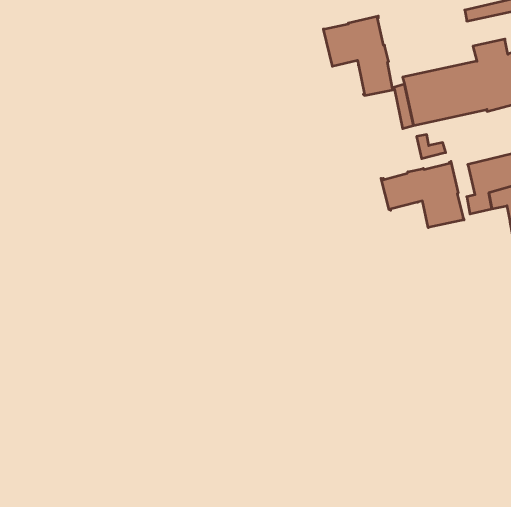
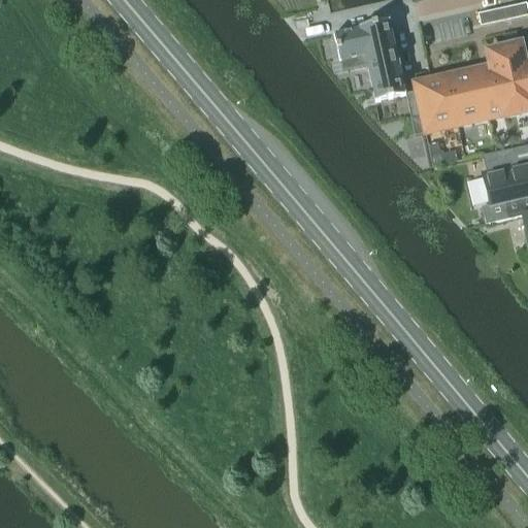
building: [381,161,464,228] -> none

